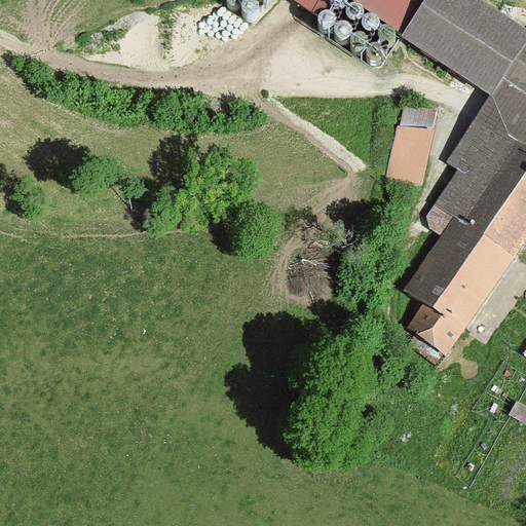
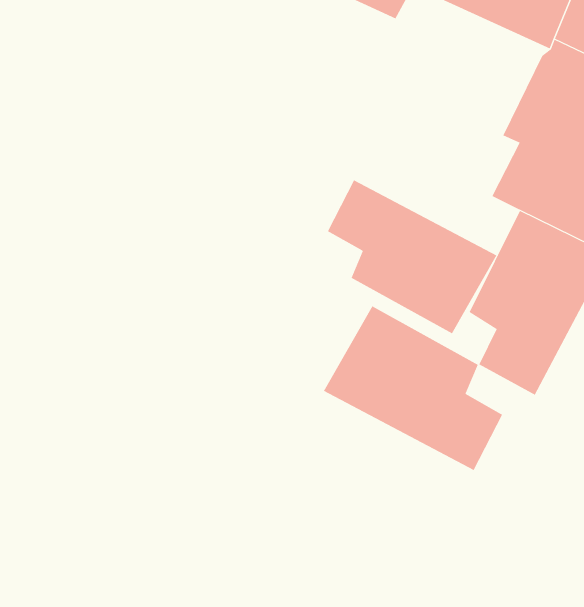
building: none -> [327,179,497,334]
building: none -> [323,305,503,471]

